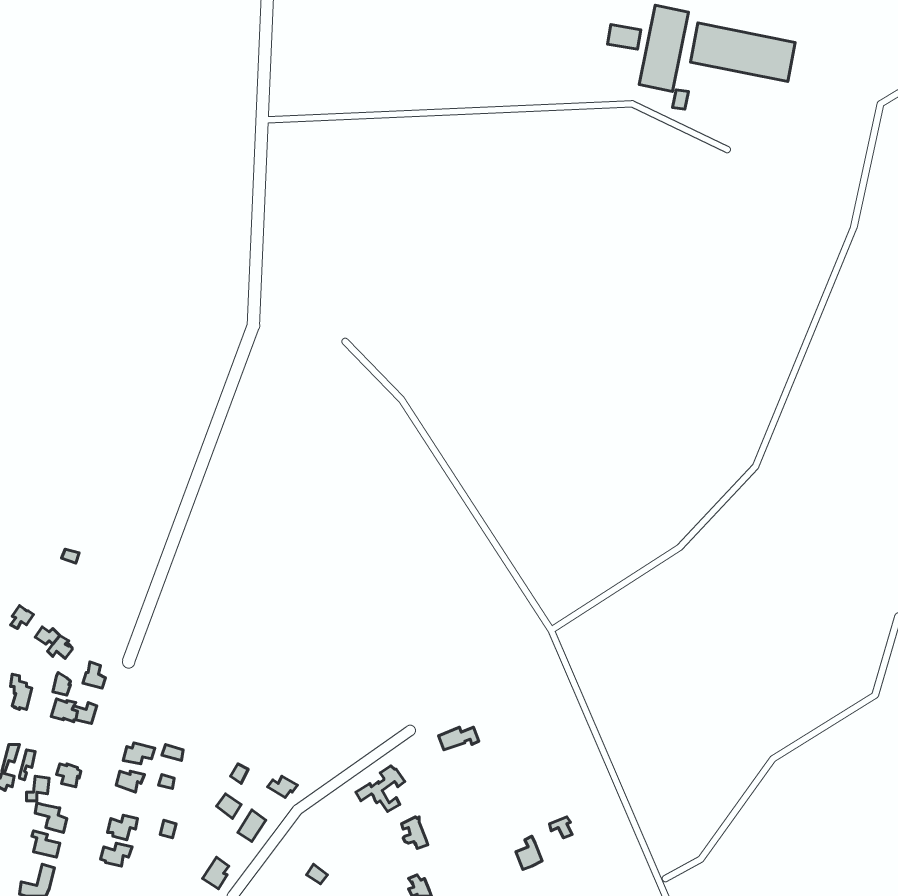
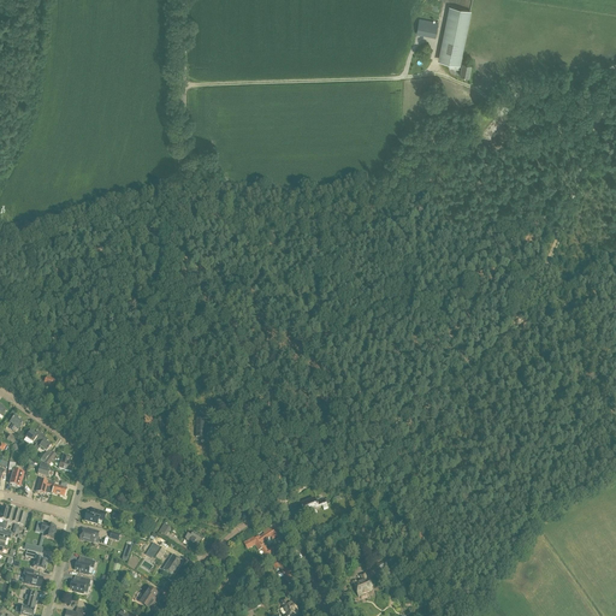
building: [690,23,795,82] -> none

